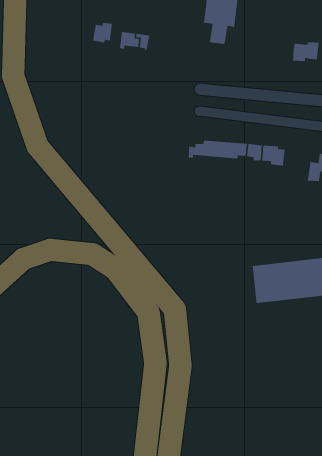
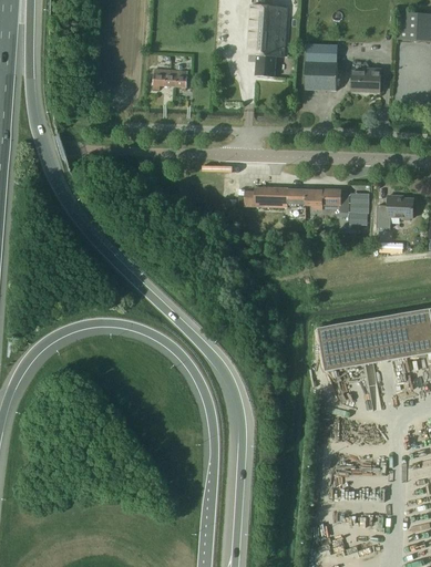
building: none -> [305,43,338,90]
building: [92,22,113,43] -> none
building: none -> [351,193,369,221]

